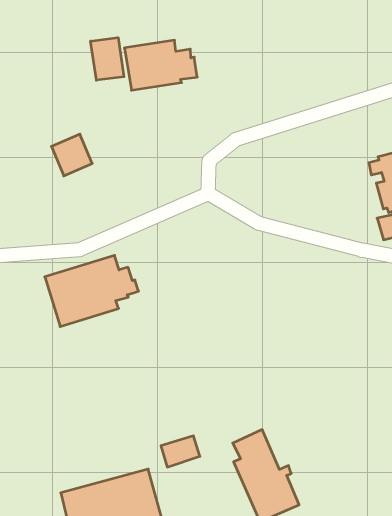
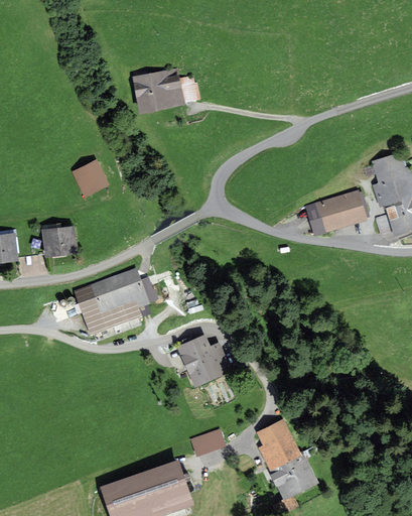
building: [91,38,124,80] -> none
building: none -> [303,188,368,237]
building: none -> [41,226,78,259]
building: none -> [176,334,232,388]

